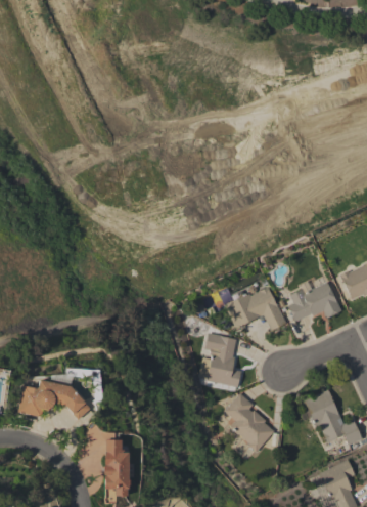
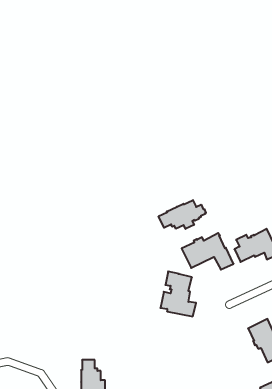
building: none -> [159,200,206,229]
building: [17,380,90,419] -> none
building: [225,393,275,453] -> none

